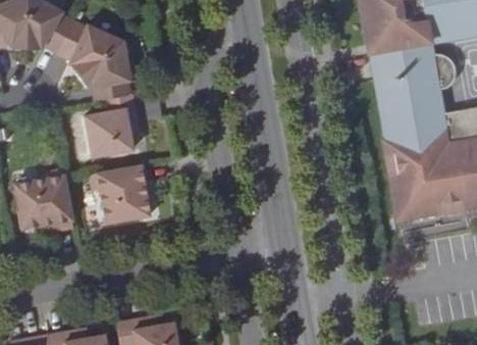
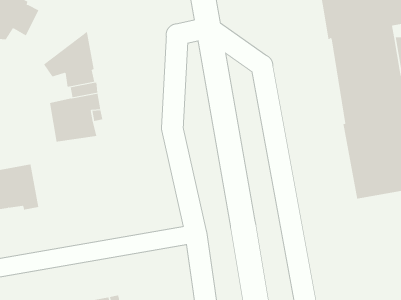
building: [59,21,122,78] -> none
building: [99,165,149,225] -> none

